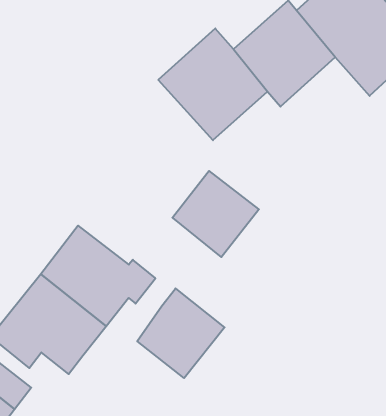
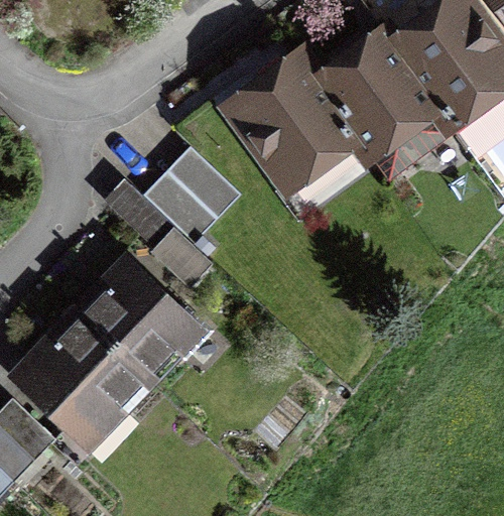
building: [172,171,259,257] -> [142,146,240,244]
building: [137,288,225,378] -> none

